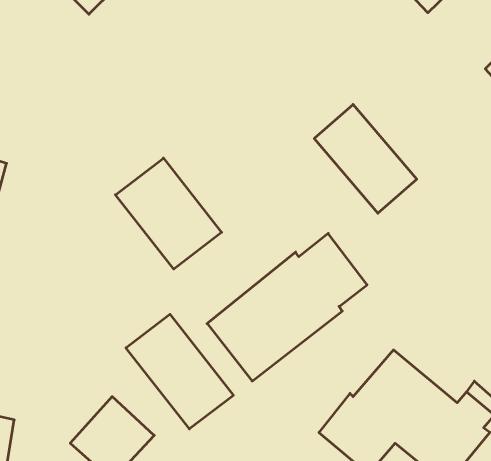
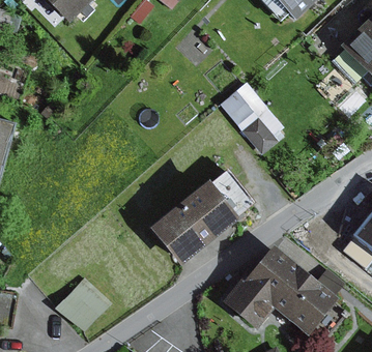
building: [115,158,222,269] -> none
building: [126,314,233,429] -> none

